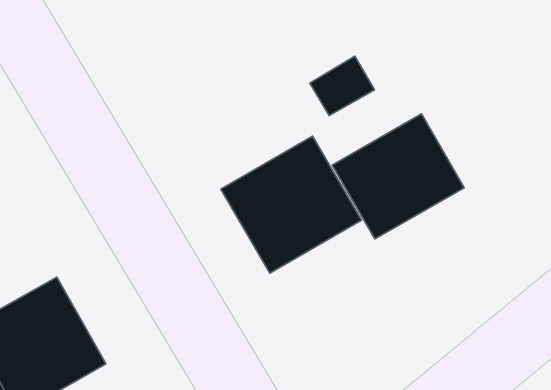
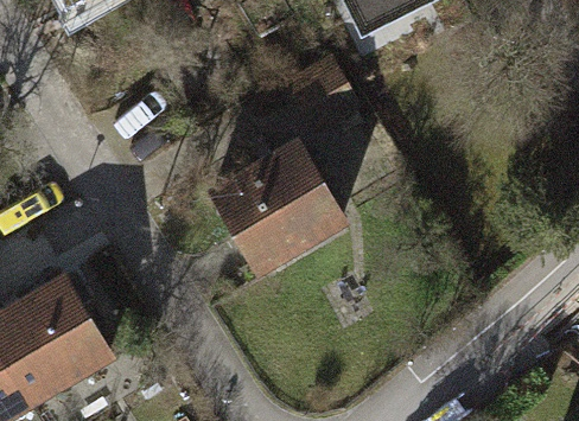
building: [332,114,464,239] -> none

